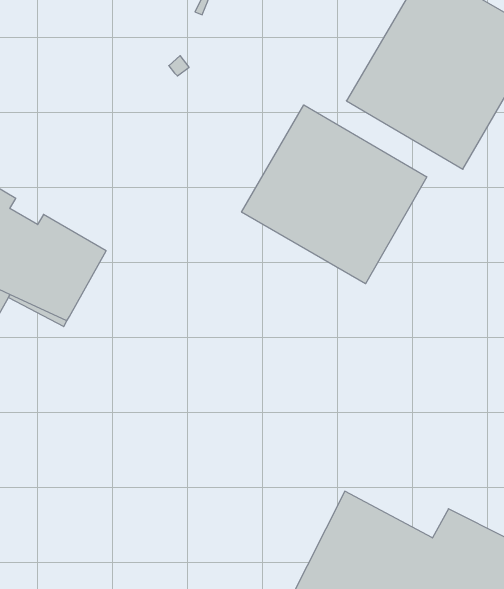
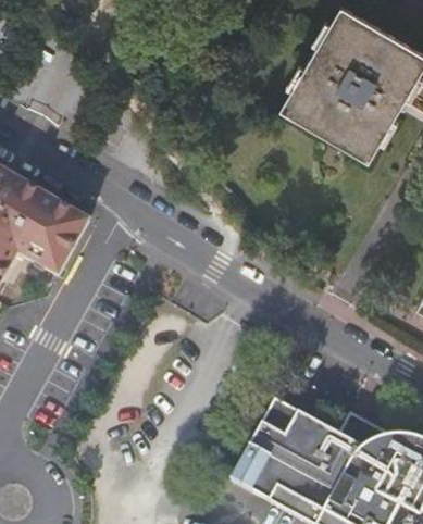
building: [242,105,427,284] -> none

